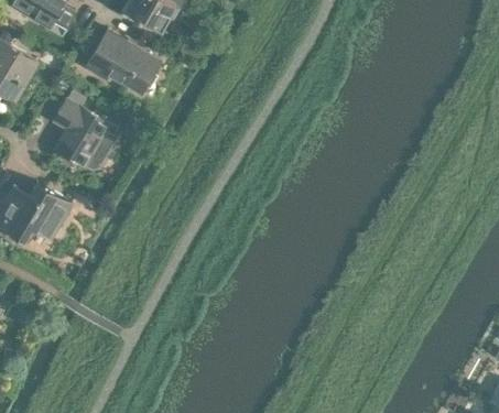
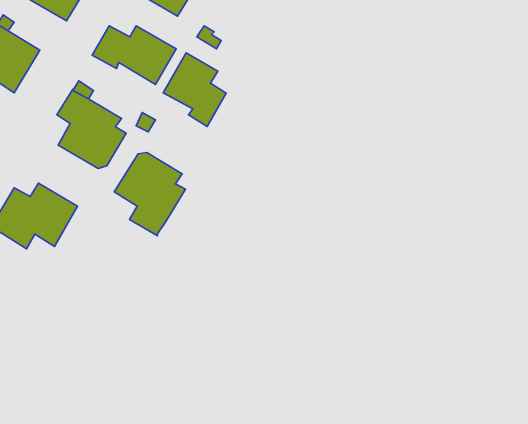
building: none -> [163,53,226,126]
building: none -> [114,153,186,236]

